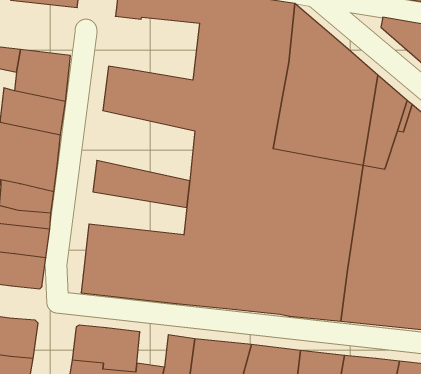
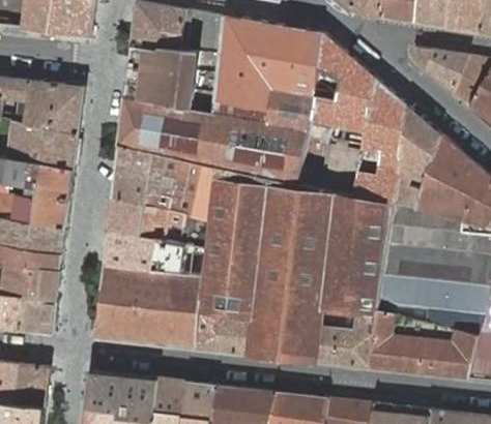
building: none -> [124,46,221,113]
building: none -> [112,145,215,219]
building: none -> [104,231,207,276]
building: none -> [154,378,187,416]

